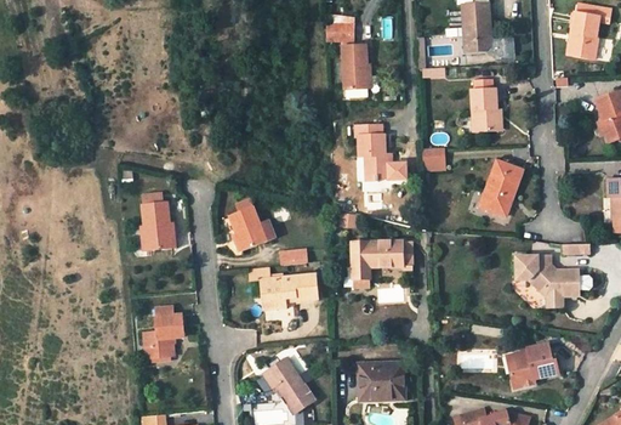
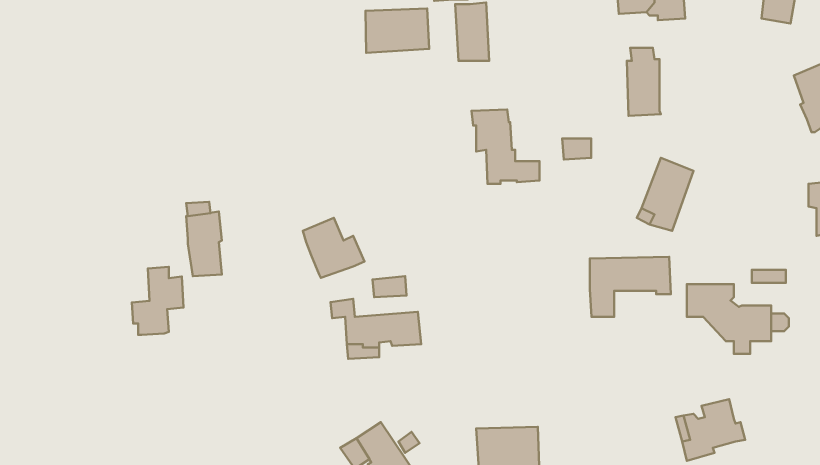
building: none -> [366,9,429,53]
building: [352,240,412,285] -> [590,257,671,317]
building: [143,307,182,358] -> [132,267,184,335]

